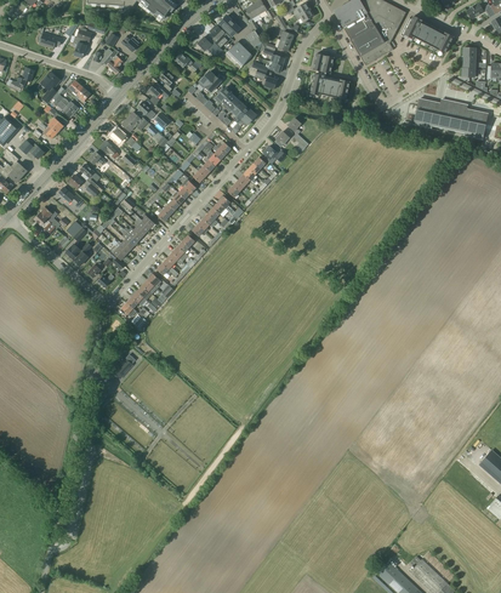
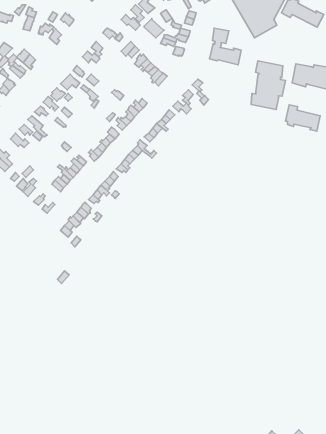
building: none -> [251,61,286,109]
building: none -> [286,105,320,131]

